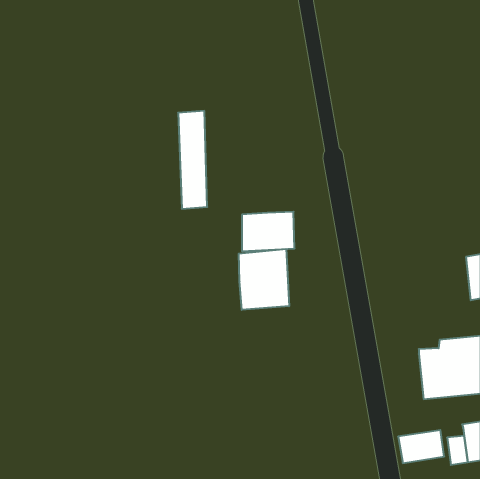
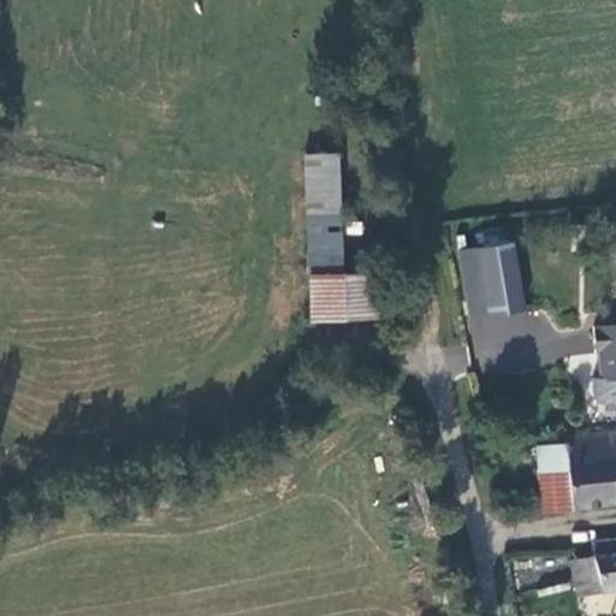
building: [178,111,207,209] -> [306,152,343,277]
building: none -> [475,247,520,320]
building: [239,249,289,310] -> none

